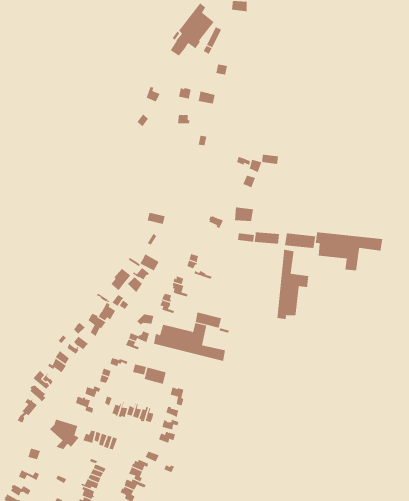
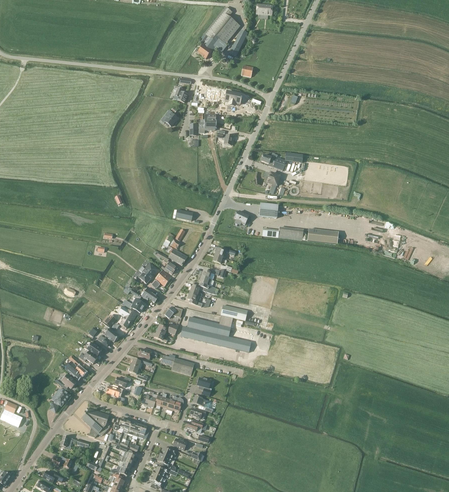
building: [315,232,383,271] -> none
building: [277,249,309,320] -> none

